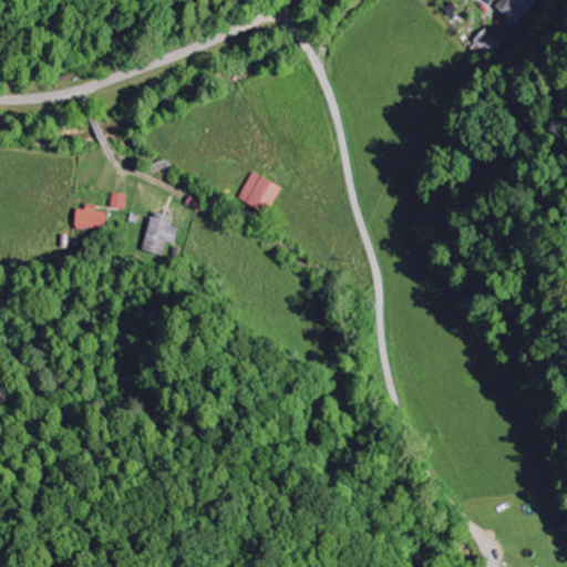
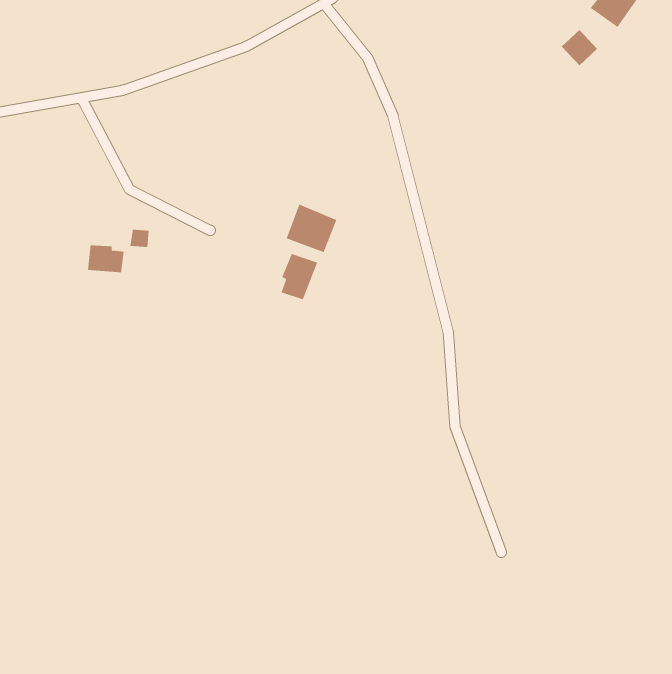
building: [141,209,178,255] -> none
building: none -> [281,253,318,300]

